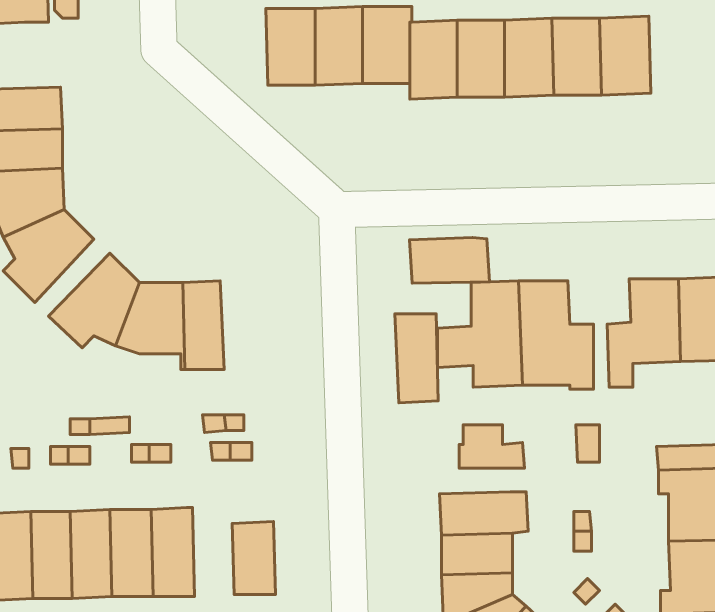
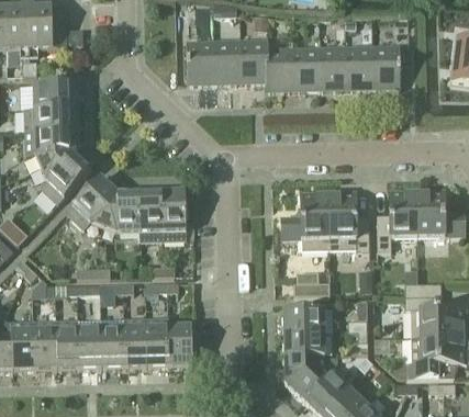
building: [409,238,489,283] -> none
building: [395,314,438,403] -> [160,192,185,241]
building: none -> [145,318,168,368]

